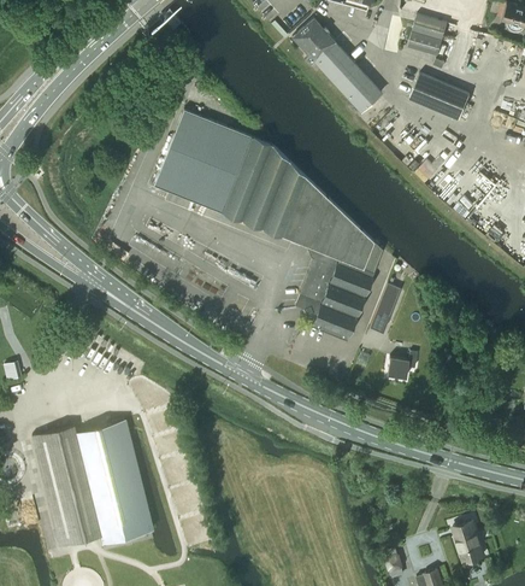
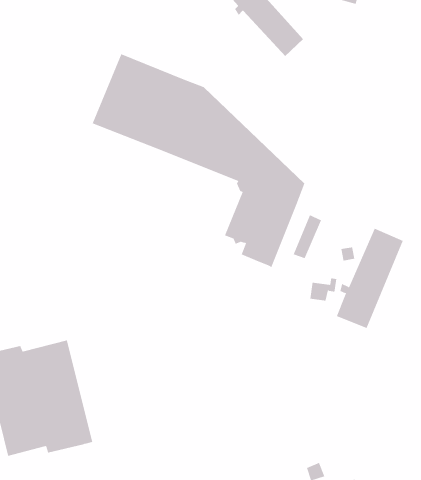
building: [409,75,471,121] -> none
building: none -> [336,228,404,329]
building: [454,522,484,563] -> none

